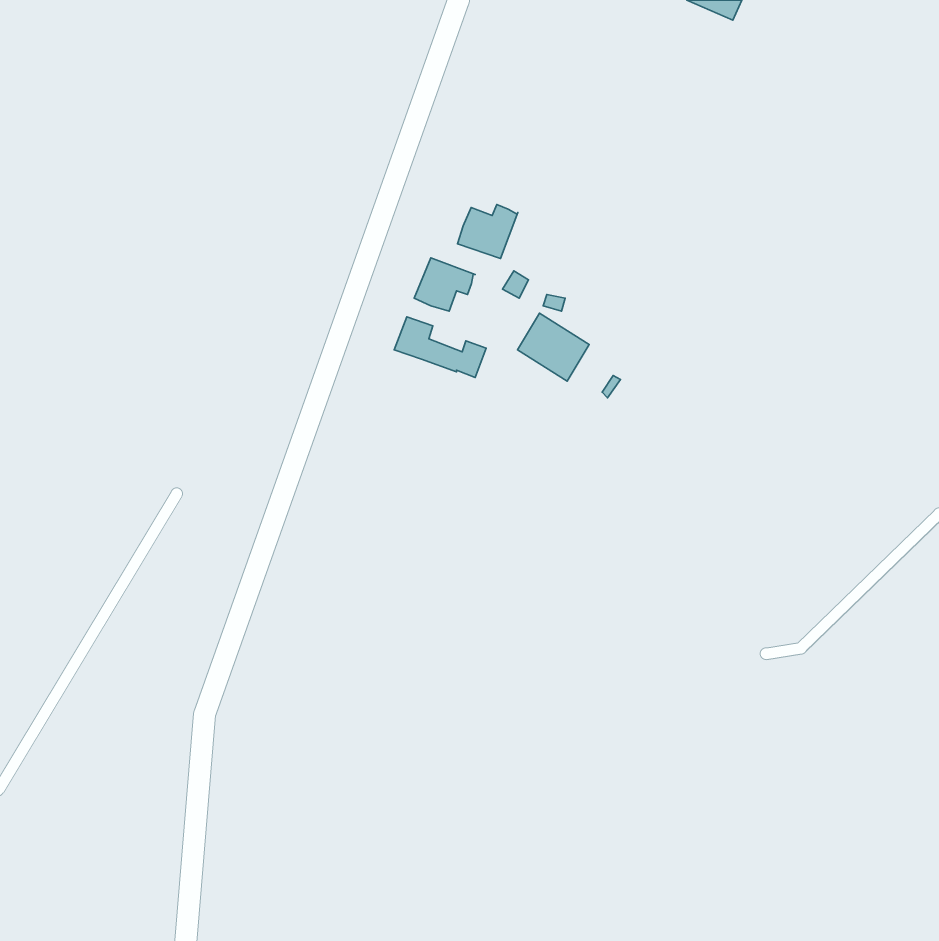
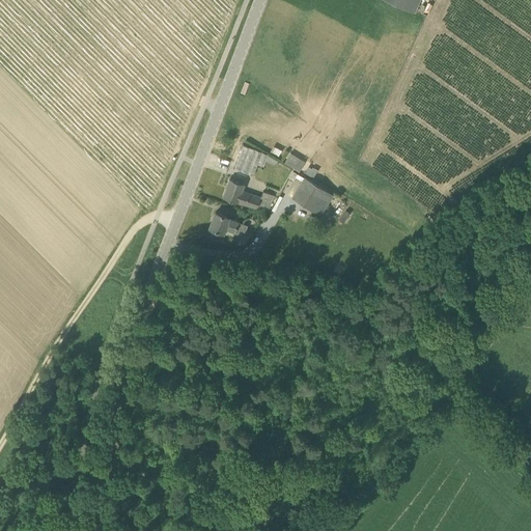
building: [457,204,518,258] -> none
building: none -> [208,212,248,235]

